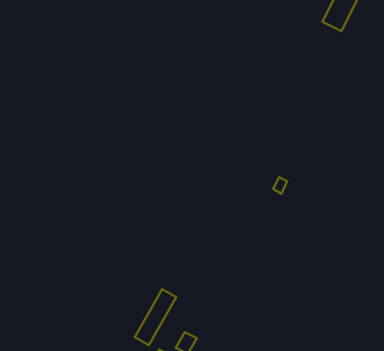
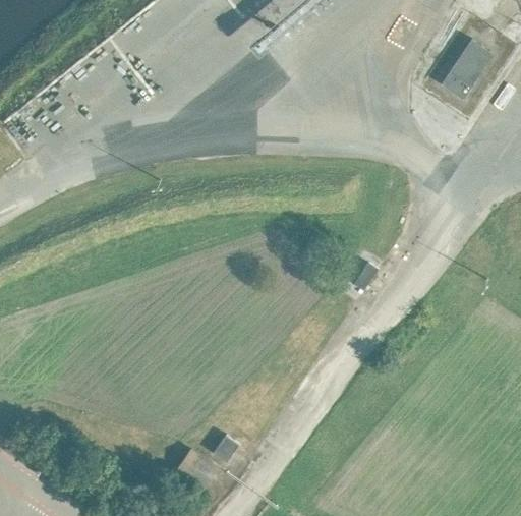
building: [135,289,176,345] -> none

